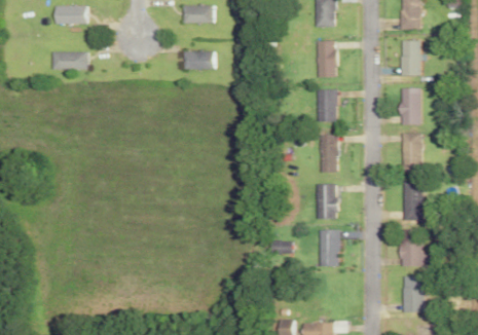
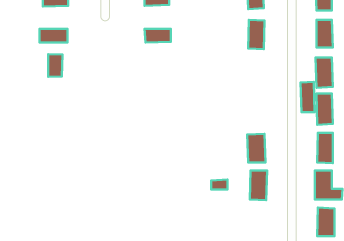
building: none -> [48,54,63,77]
building: [316,89,337,122] -> none
building: [320,134,337,172] -> [301,82,315,112]

